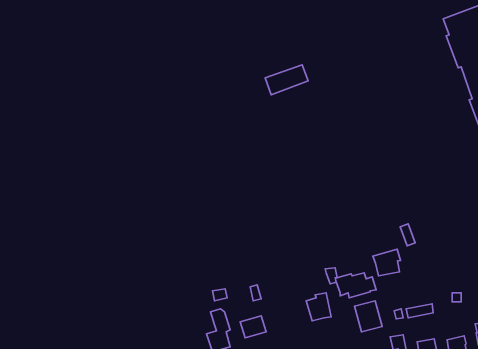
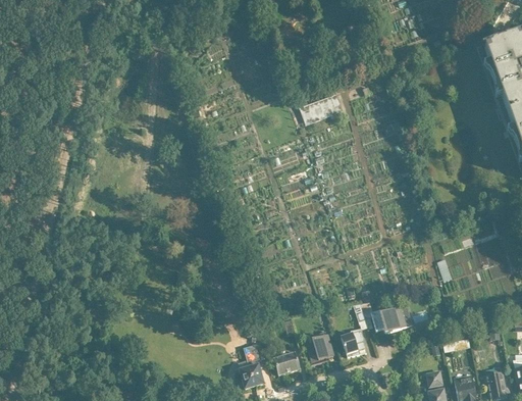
building: [373,249,401,276] -> none
building: none -> [307,331,333,364]
building: [354,301,382,332] -> none

